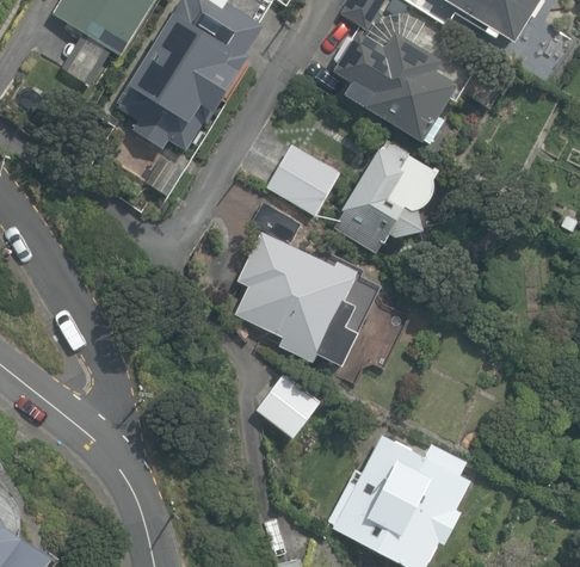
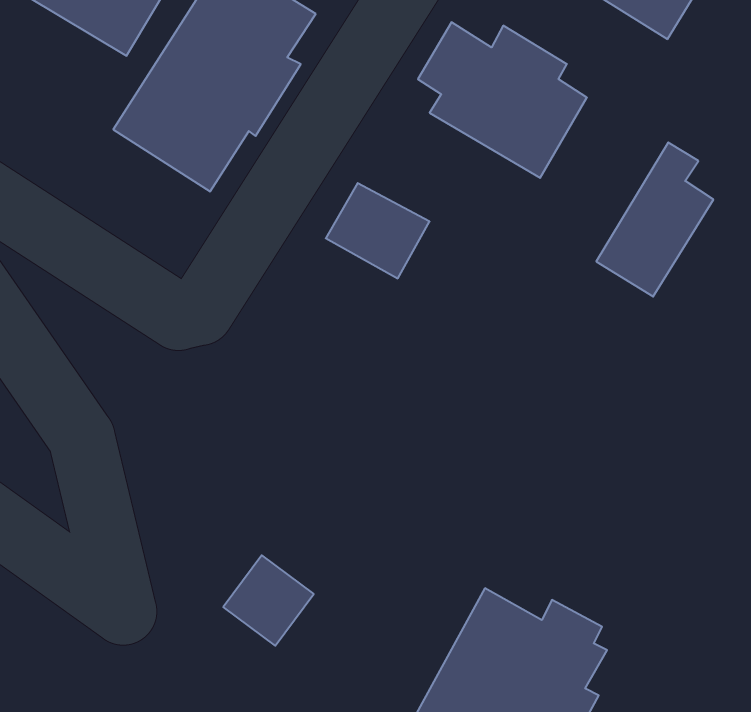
building: [335,140,419,249] -> [596,142,713,297]
building: [236,232,354,362] -> none
building: [255,372,320,437] -> [223,555,314,646]

